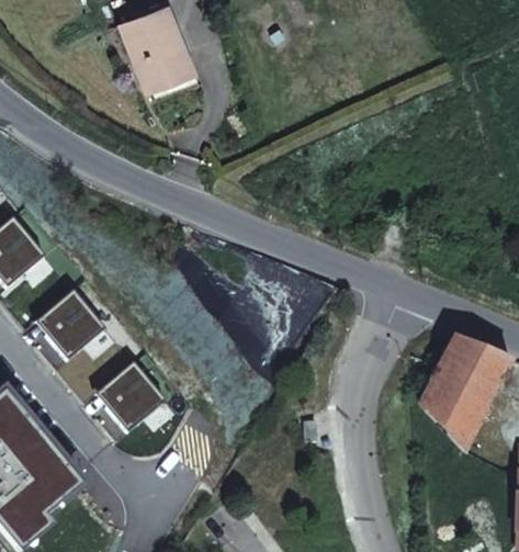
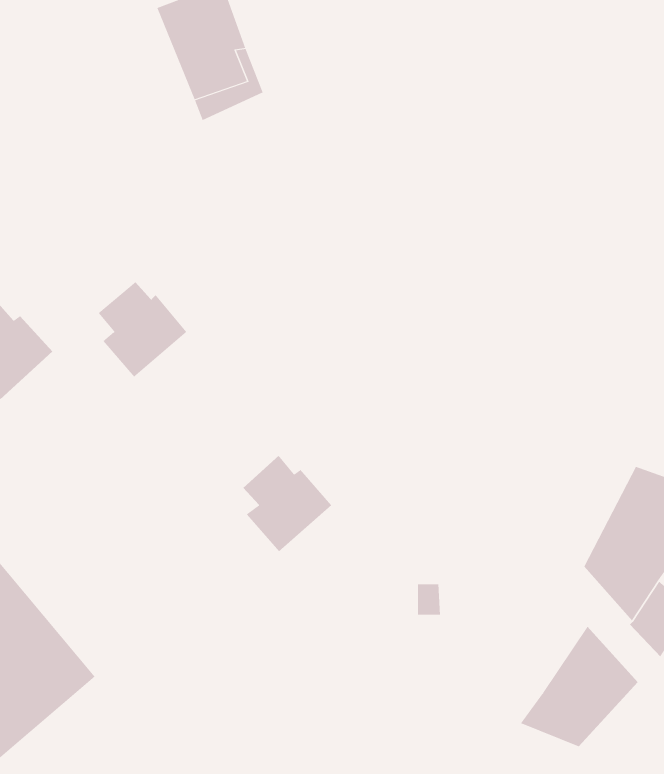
building: [46,293,109,360] -> [98,282,187,377]
building: [109,365,171,433] -> [243,455,332,552]
building: none -> [520,626,638,747]

